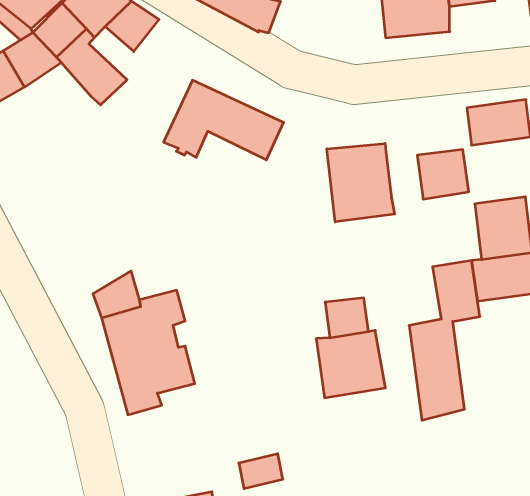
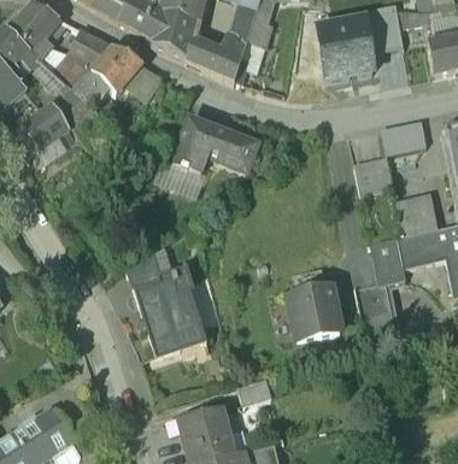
building: [327,143,395,222] -> none

